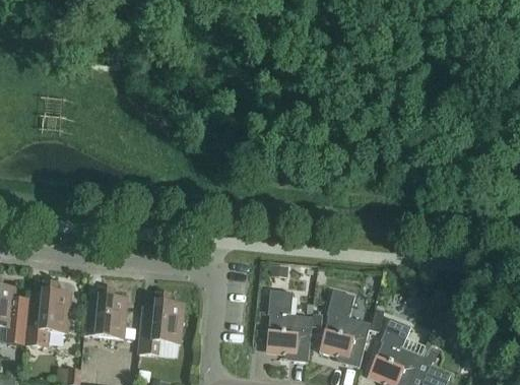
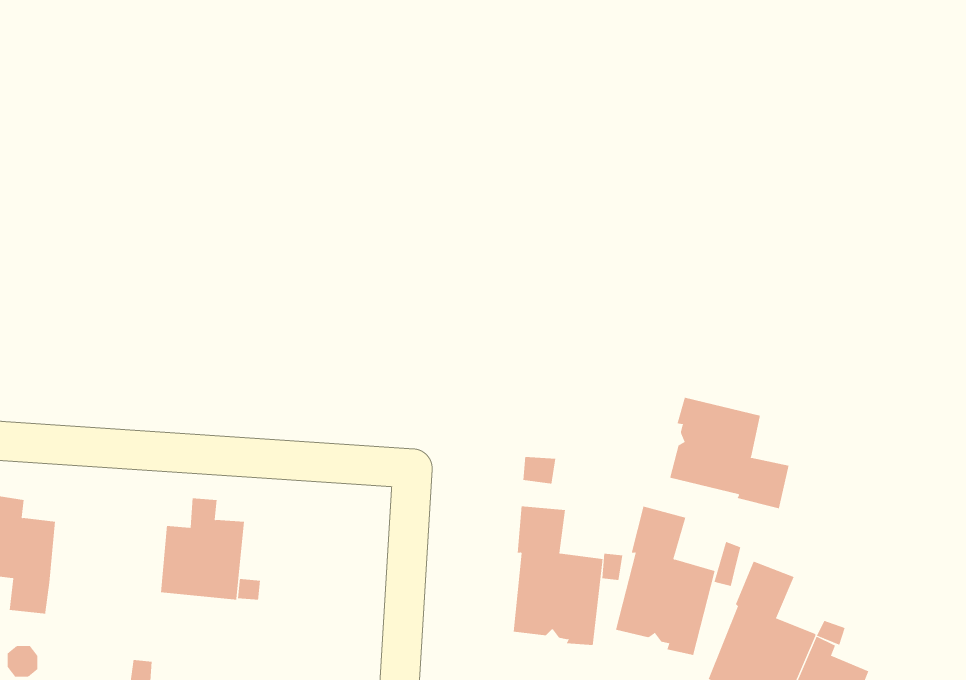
building: none -> [669,397,789,509]
building: [24,279,70,346] -> none
building: [138,291,183,355] -> none

